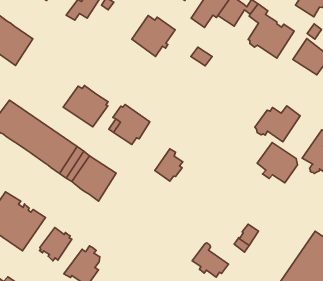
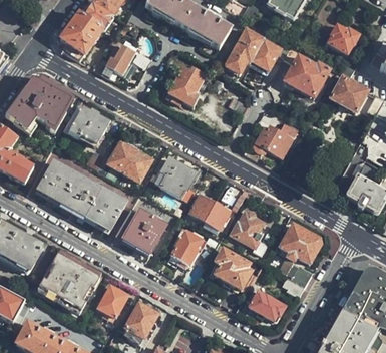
building: none -> [69,105,108,146]
building: [255,106,300,142] -> [255,120,299,156]
building: none -> [188,192,217,220]
building: [257,142,298,183] -> [281,223,321,262]
building: none -> [233,212,267,254]
building: none -> [167,228,206,268]
building: none -> [208,248,252,289]

